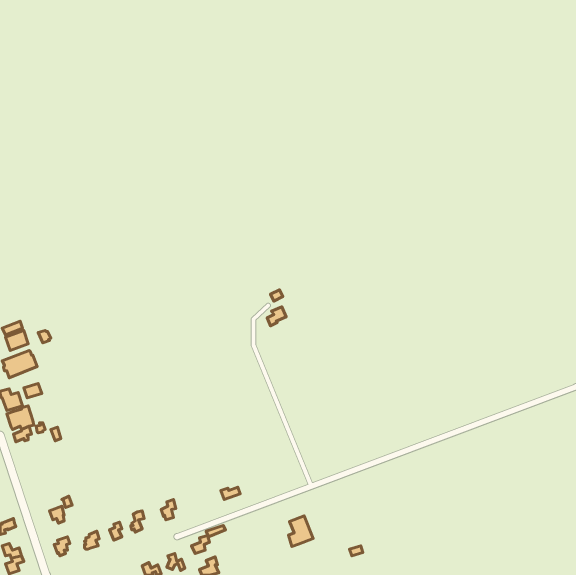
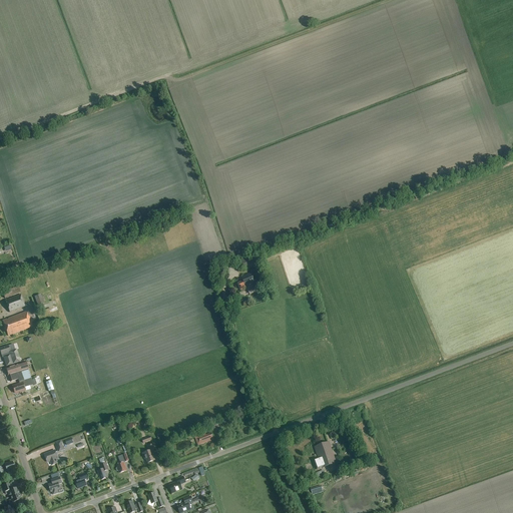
building: [288,516,313,546] -> [314,442,336,469]

